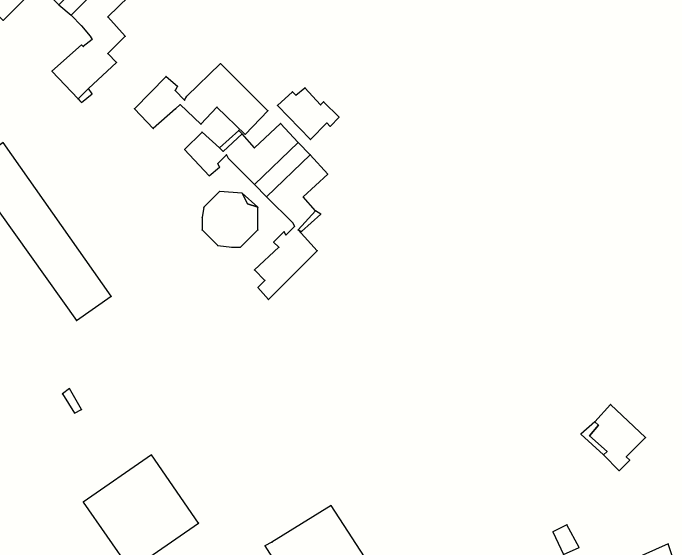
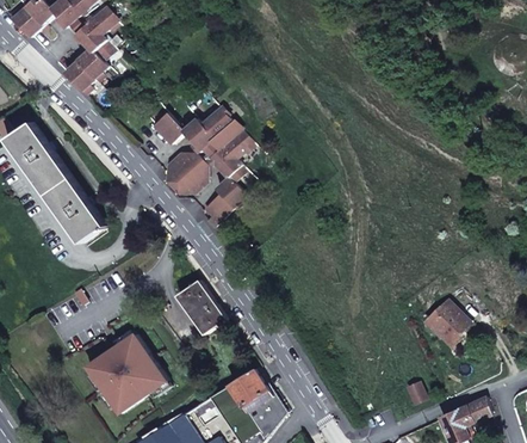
building: [134,64,268,134] -> none
building: [277,88,339,140] -> none
building: none -> [176,281,227,336]

